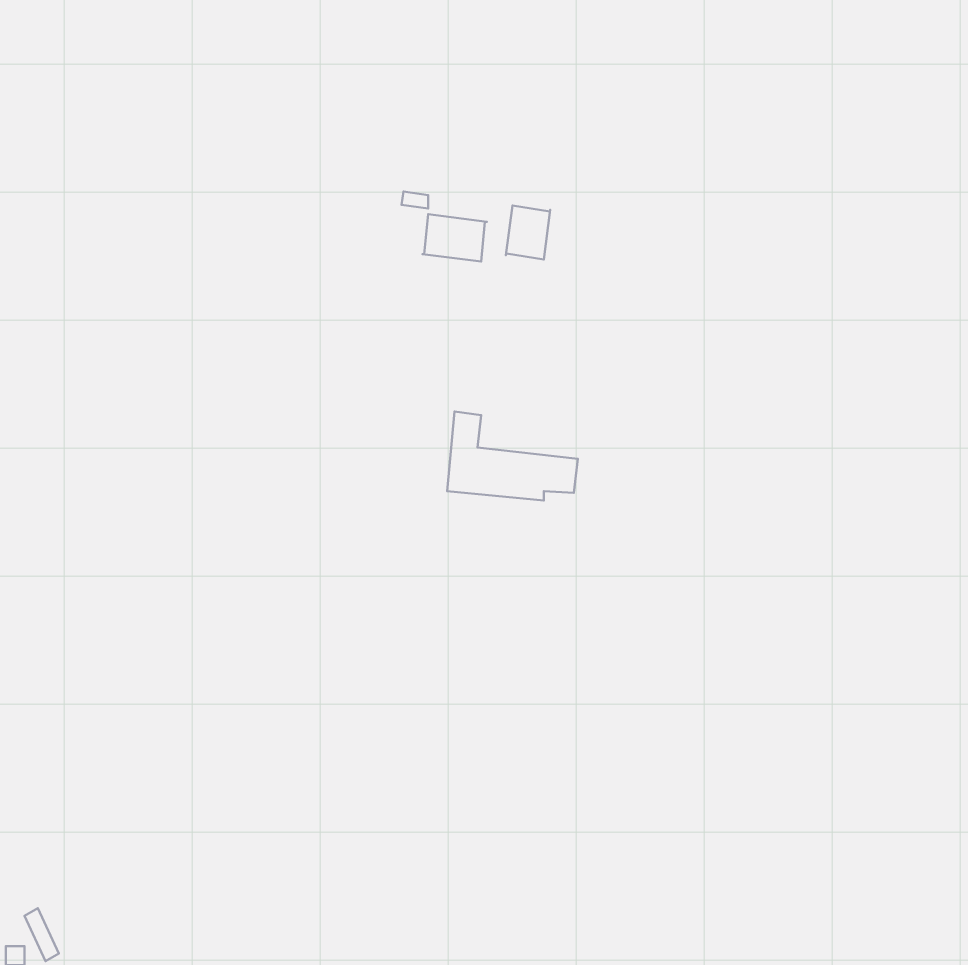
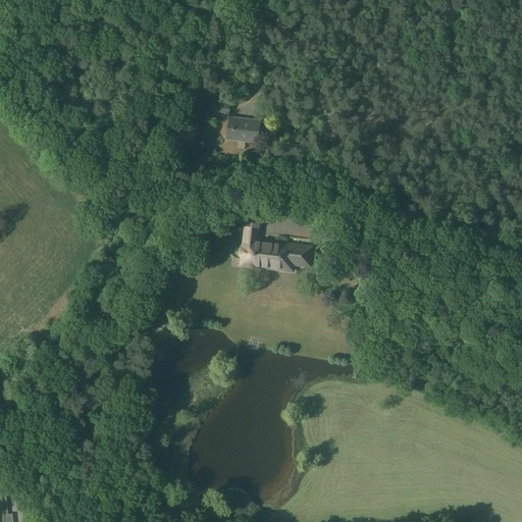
building: [506,205,550,260] -> none

